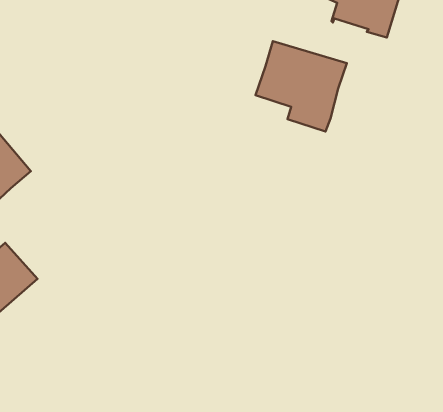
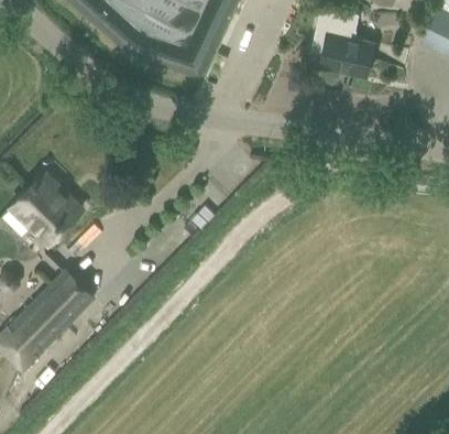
building: [256,41,347,131] -> none

